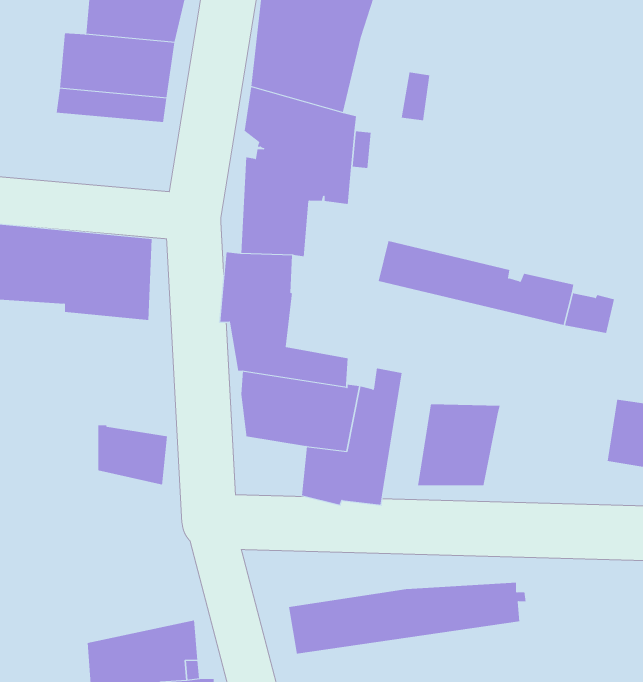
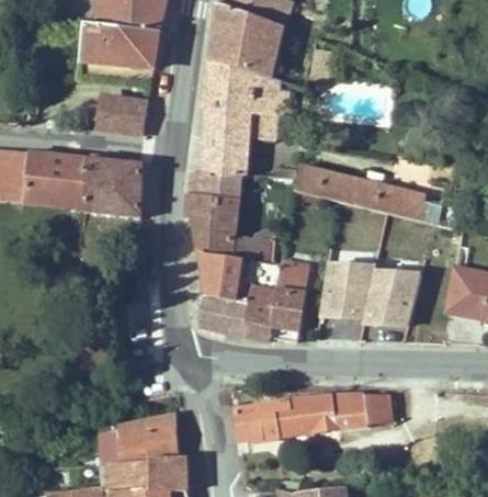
building: none -> [100,95,148,134]
building: none -> [364,278,420,335]
building: [97,425,168,485] -> [198,293,246,334]

